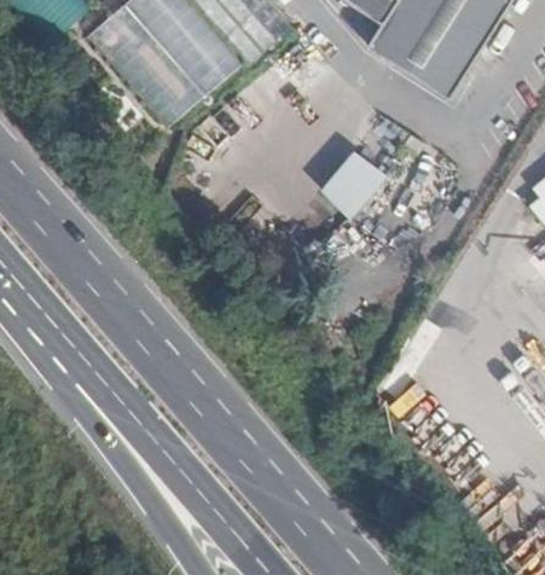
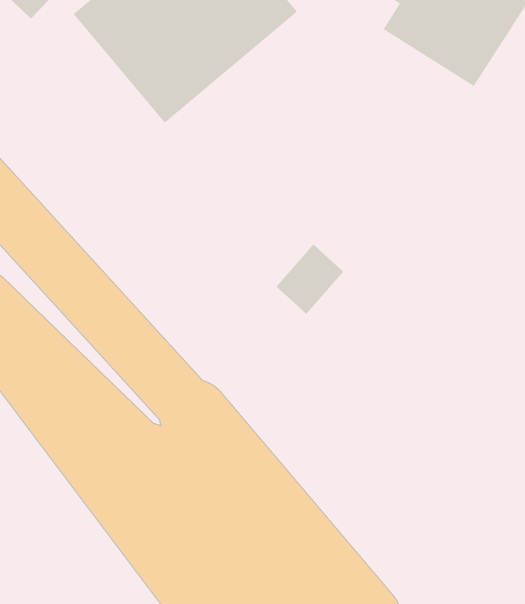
building: [318,147,379,211] -> [275,243,344,315]

